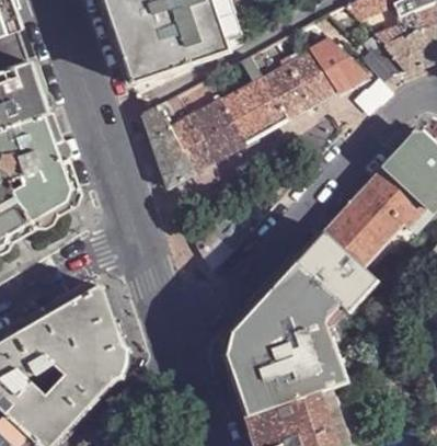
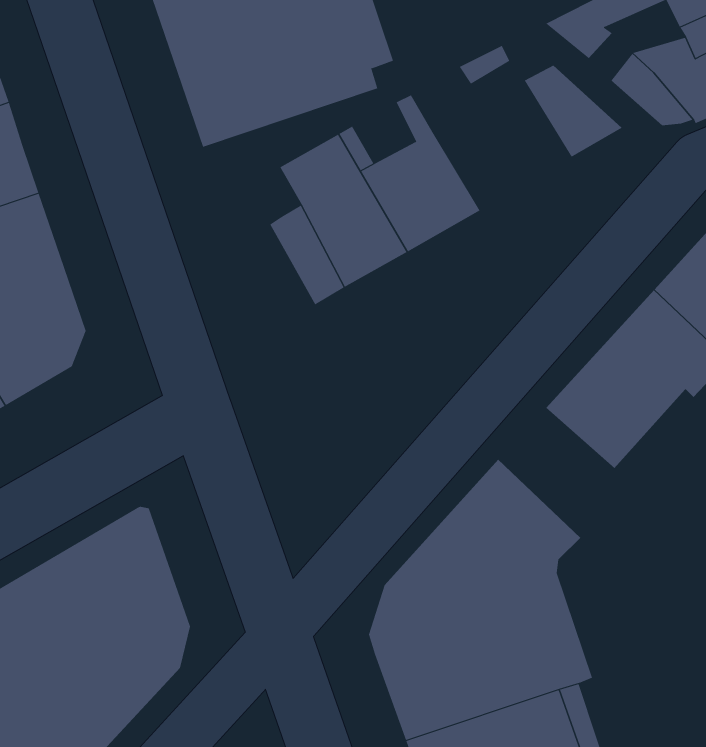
building: [262,49,338,122] -> none
building: [142,103,196,190] -> none
building: [298,231,378,310] -> none

